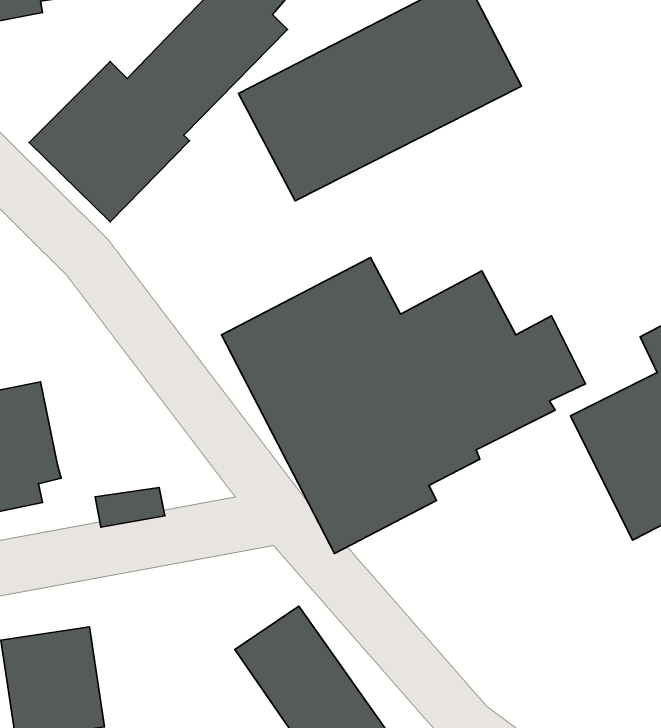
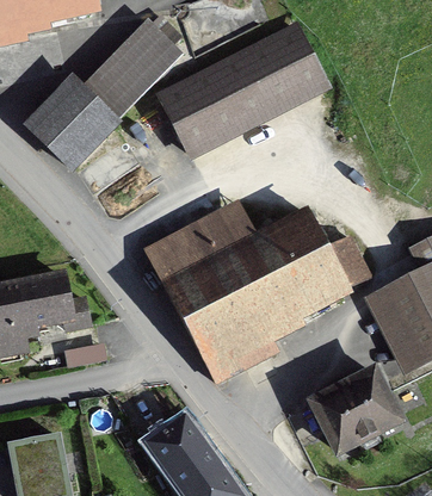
building: none -> [29,268,93,333]
building: none -> [306,364,407,459]

